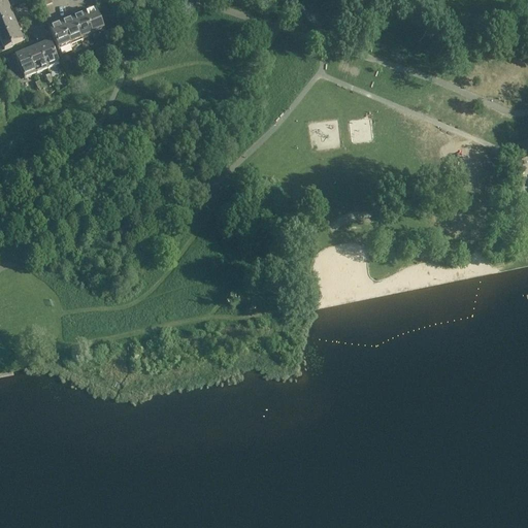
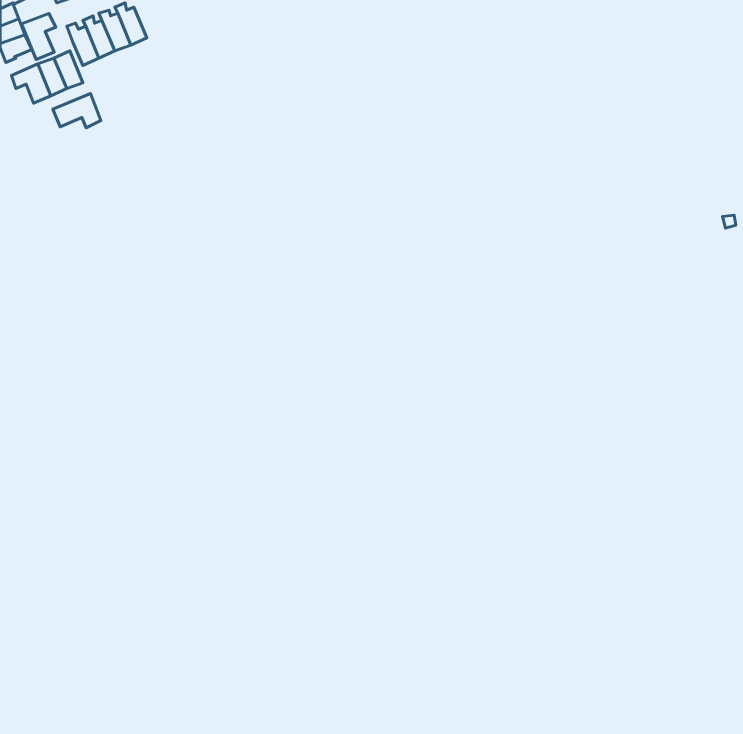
building: none -> [21,13,56,60]
building: none -> [53,94,101,128]

